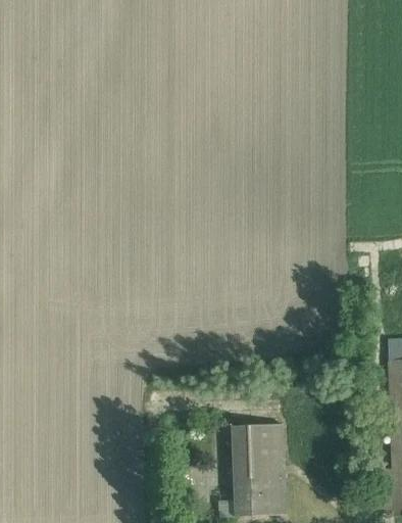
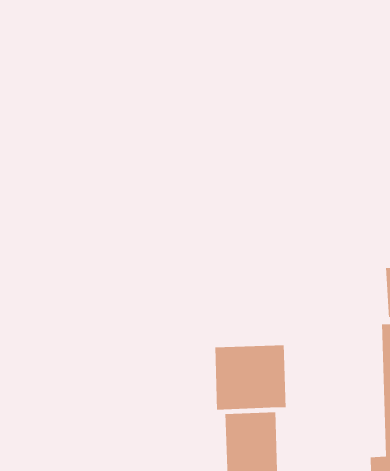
building: none -> [214,344,287,410]

